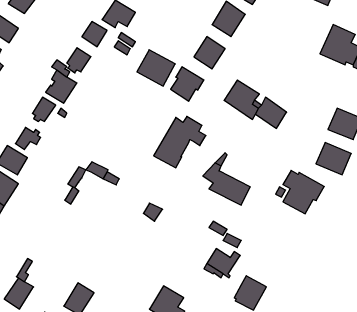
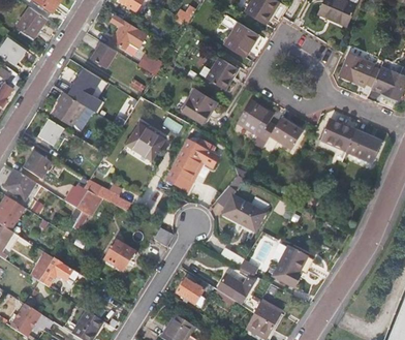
building: [137,50,175,86] -> [125,125,164,162]
building: [316,143,351,175] -> [317,120,353,153]
building: [283,170,324,214] -> [272,243,314,287]
building: none -> [106,240,137,271]
building: none -> [39,257,80,286]
building: none -> [178,279,215,307]

